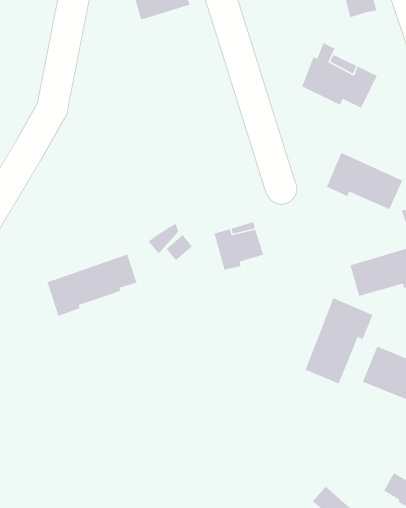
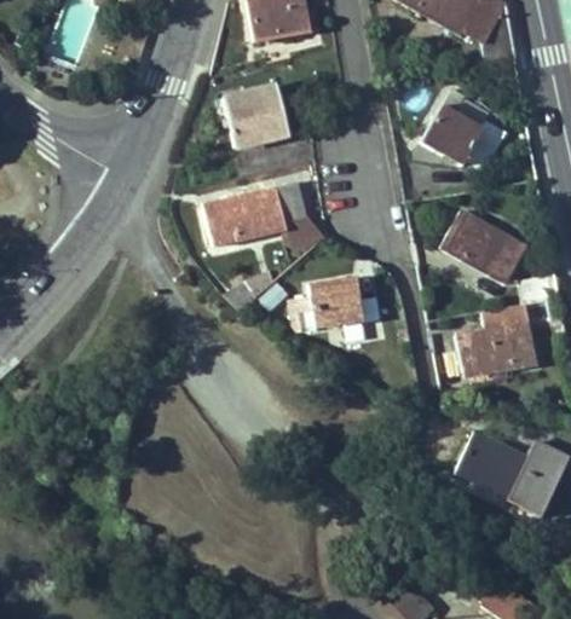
building: none -> [221,87,287,149]
building: [46,253,138,317] -> [204,184,305,245]
building: [304,297,374,384] -> none

